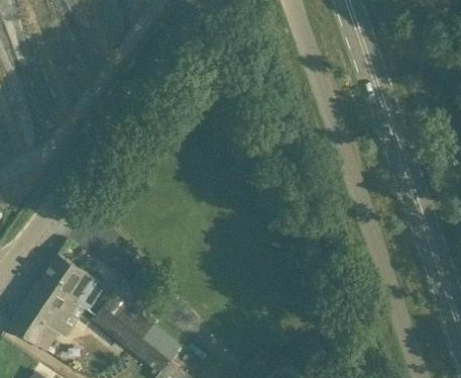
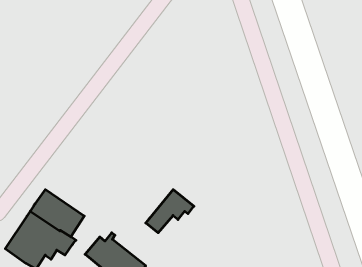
building: [92,280,150,333] -> [146,190,194,233]

